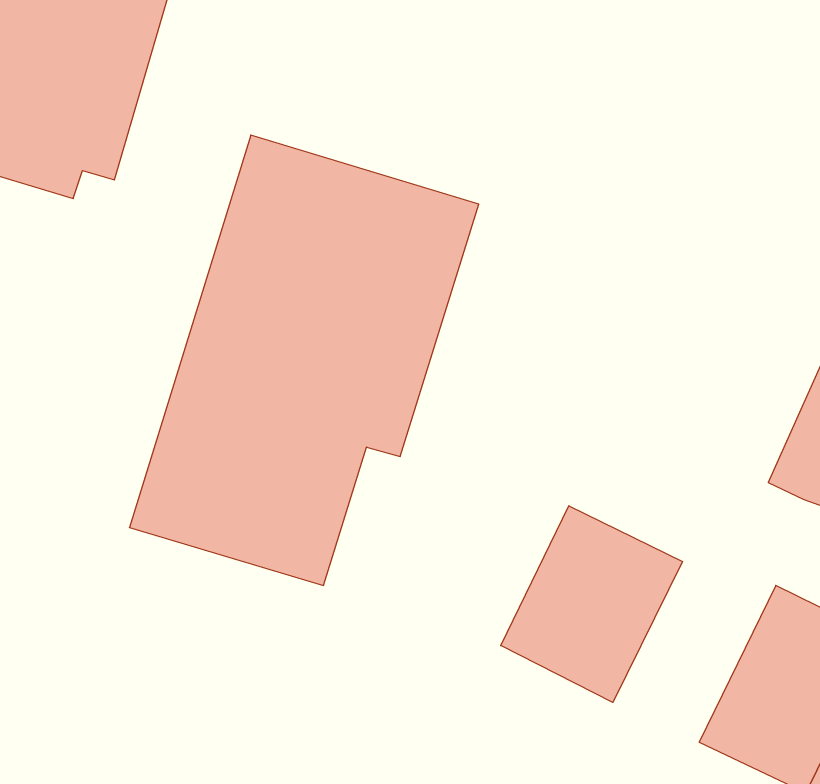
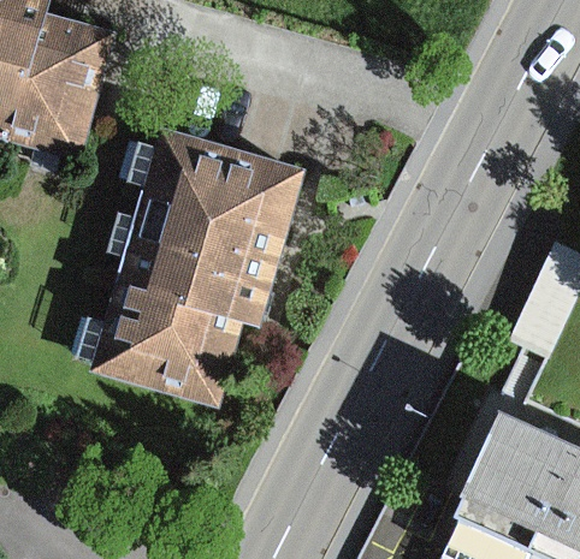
building: [501,506,683,702] -> none

